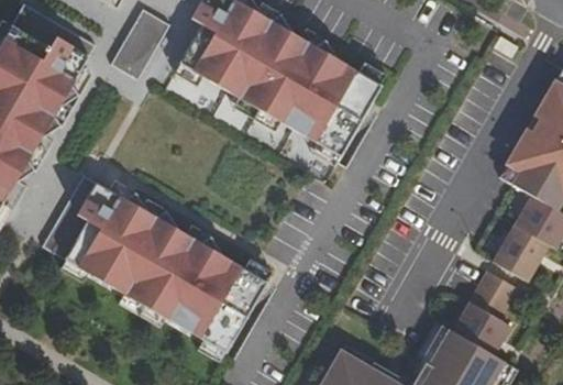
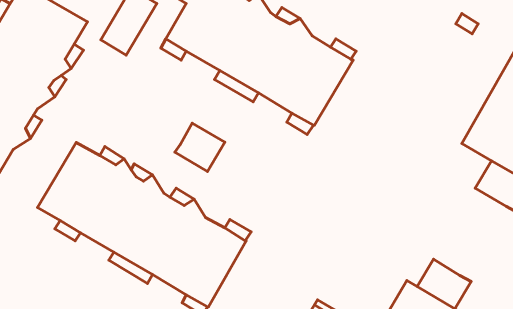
building: none -> [175,123,225,171]
building: [494,226,549,282] -> none
building: [470,272,517,320] -> none

